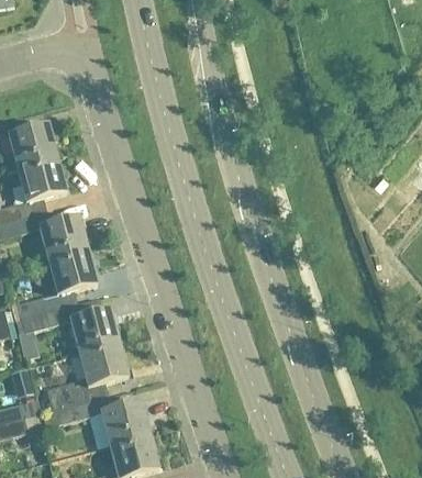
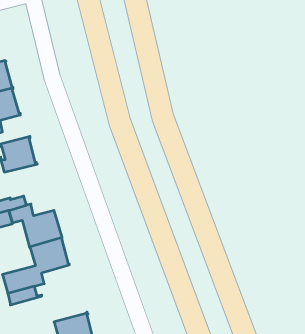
building: [46,252,96,296] -> none
building: [98,401,148,446] -> none

